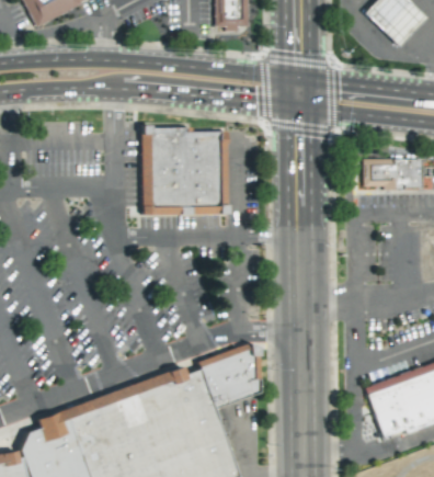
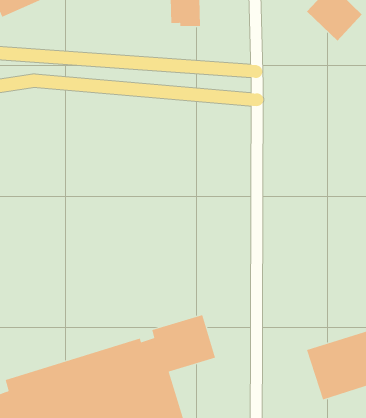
building: [140,127,227,217] -> none
building: [363,159,422,190] -> none

